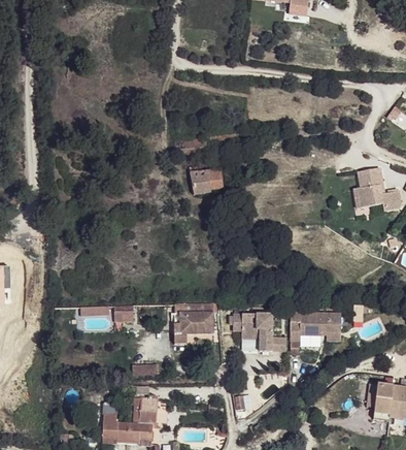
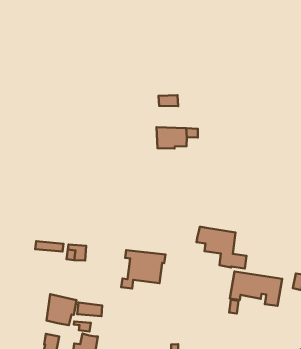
building: [233,314,286,352] -> [197,227,246,268]
building: none -> [46,294,76,325]

